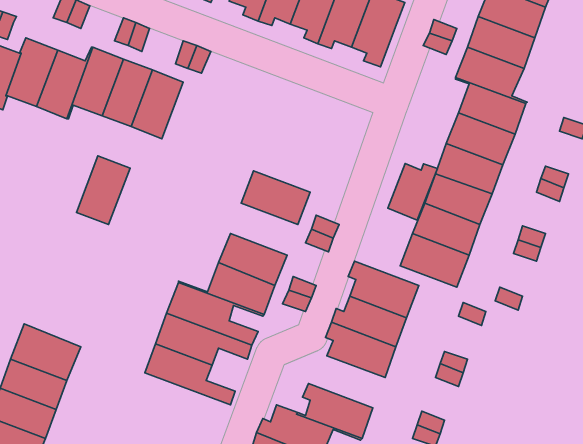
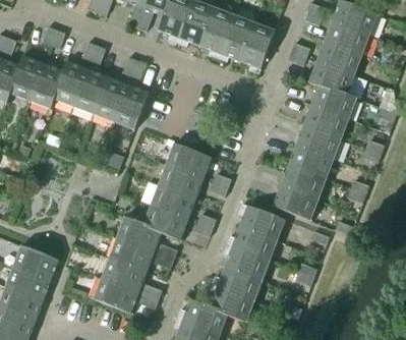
building: [77,156,130,225] -> [113,83,149,129]
building: [388,164,437,220] -> none
building: none -> [159,164,204,199]
building: none -> [211,266,262,300]
building: none -> [94,277,159,313]

